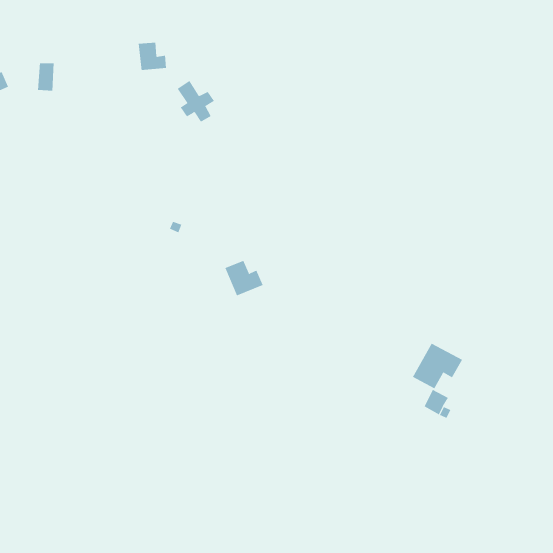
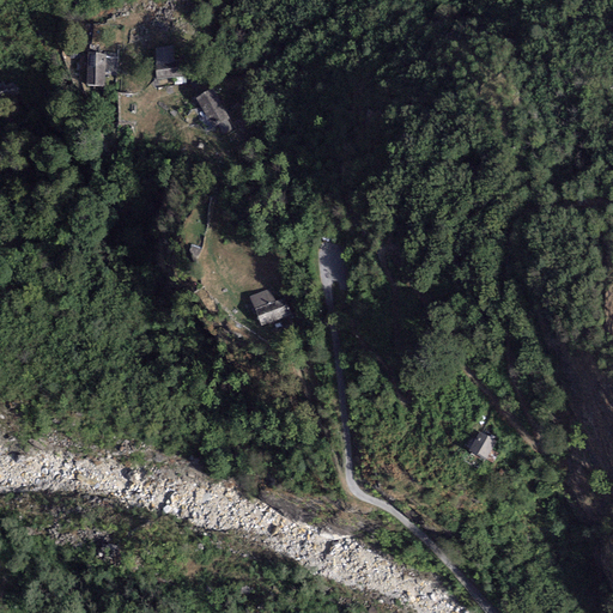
building: [37,63,54,91] -> [85,53,104,84]
building: [412,343,463,389] -> none

